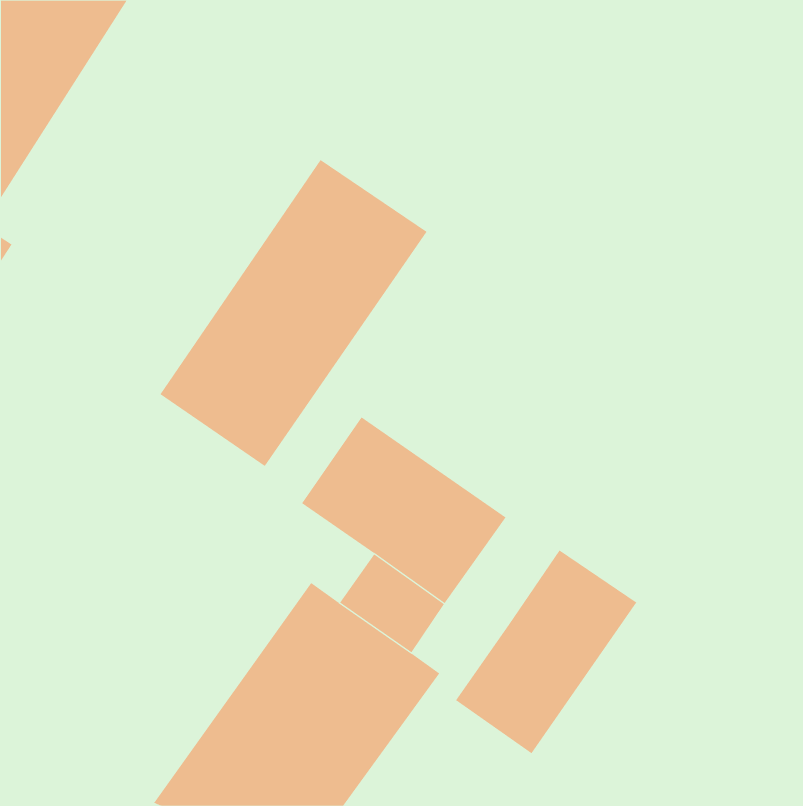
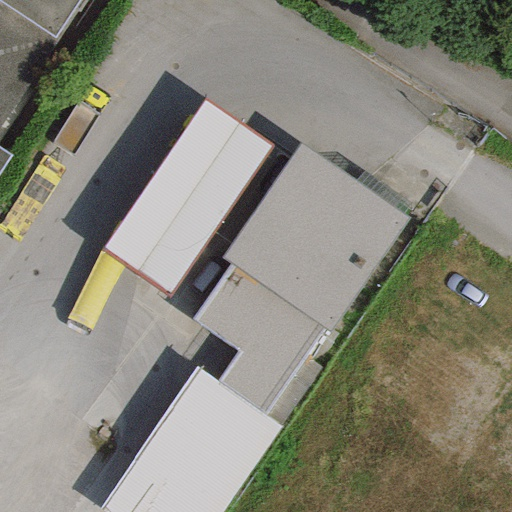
building: none -> [221,145,410,333]
building: [455,549,637,754] -> none

